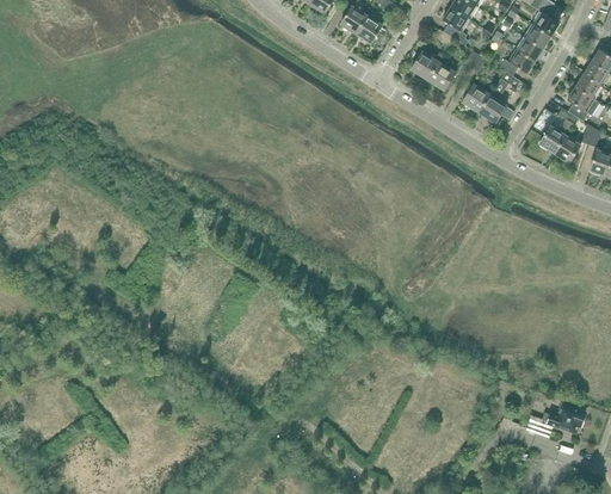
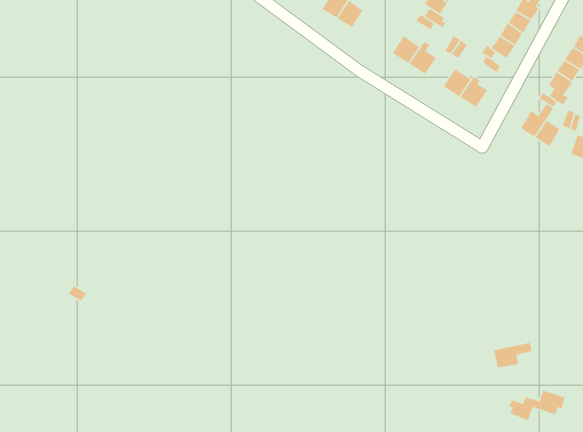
building: none -> [493,342,533,368]

